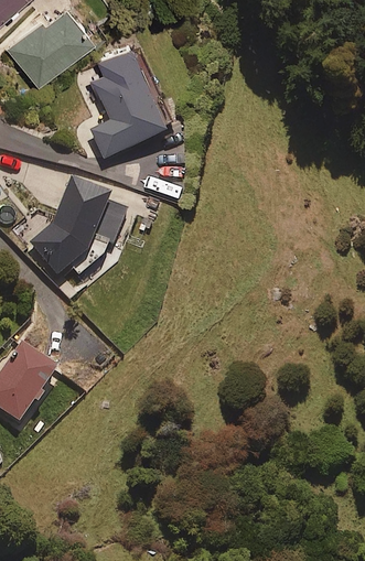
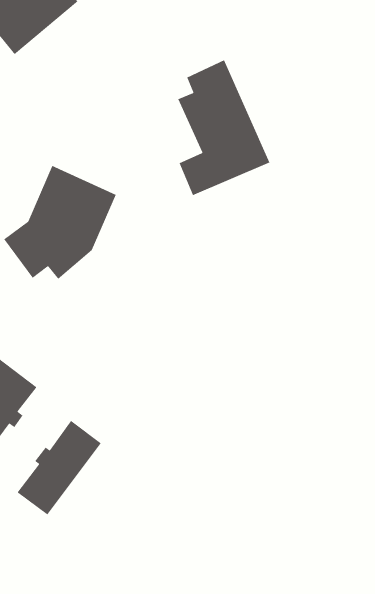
building: [89,40,170,158] -> [177,59,270,196]
building: none -> [16,420,102,516]

